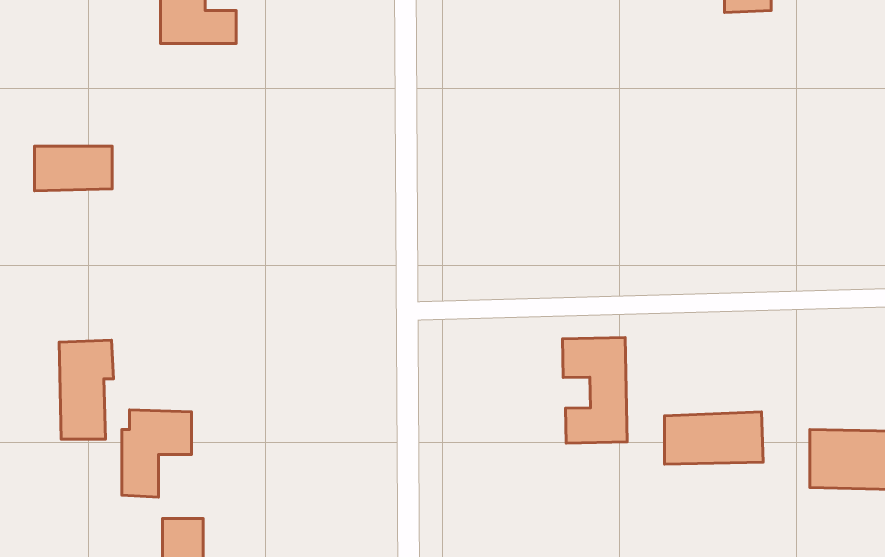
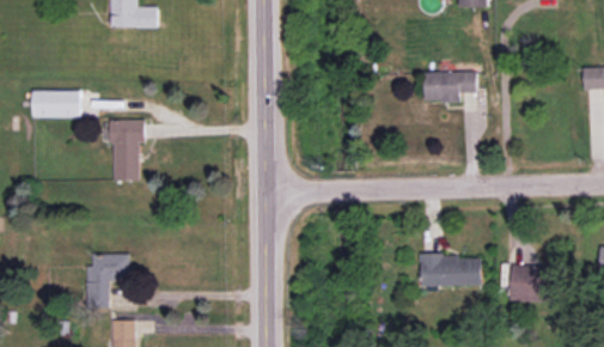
building: none -> [425,72,476,102]
building: [563,338,627,443] -> none
building: [59,340,113,439] -> [111,120,145,181]

